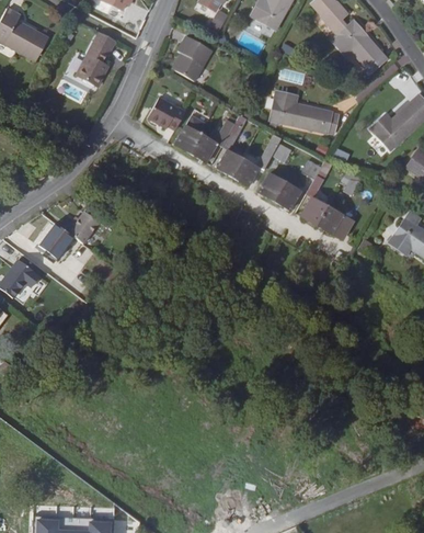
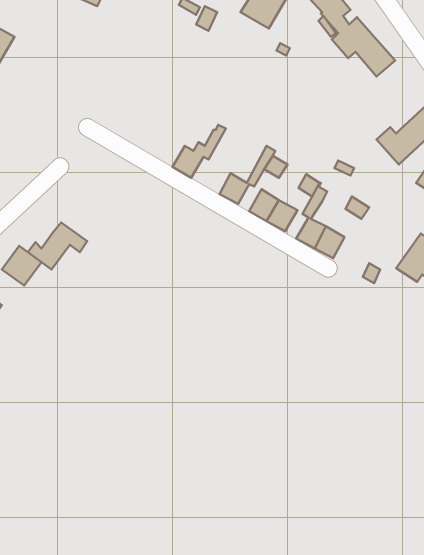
building: [76,32,115,87] -> none
building: [171,35,211,81] -> none
building: [270,91,337,134] -> none
building: [147,97,184,129] -> none
building: [174,114,206,152] -> none
building: [216,114,247,177] -> none

